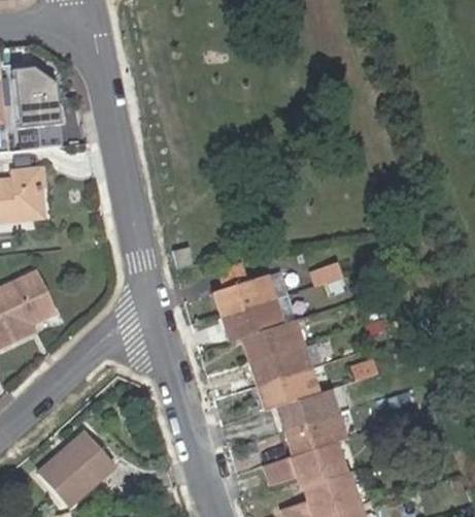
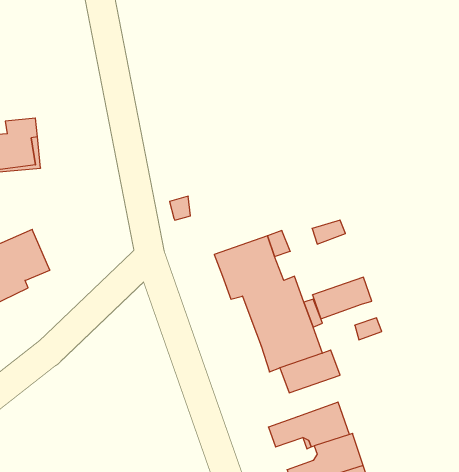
building: [11,69,58,142] -> none
building: [289,418,347,459] -> [312,277,372,319]
building: [38,431,114,507] -> none

